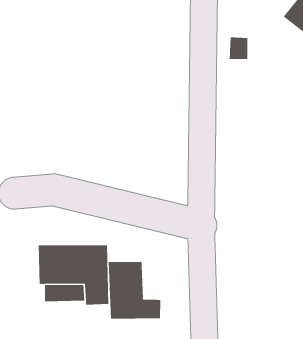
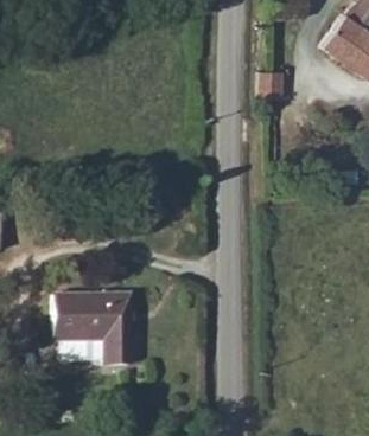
building: [108,261,161,320] -> none

